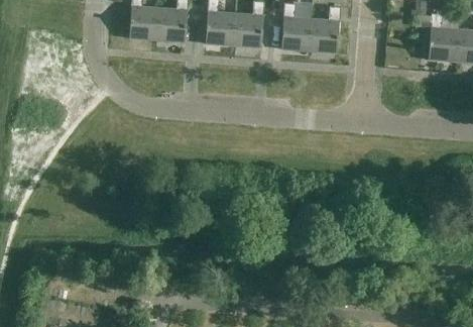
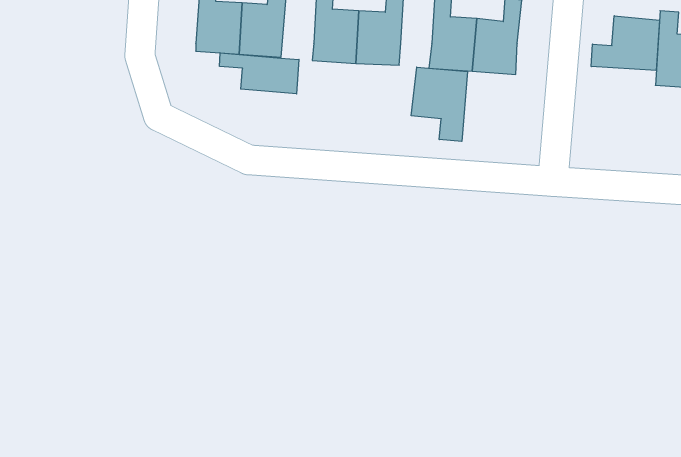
building: none -> [591,16,660,70]
building: none -> [220,53,299,94]
building: none -> [411,67,467,141]

